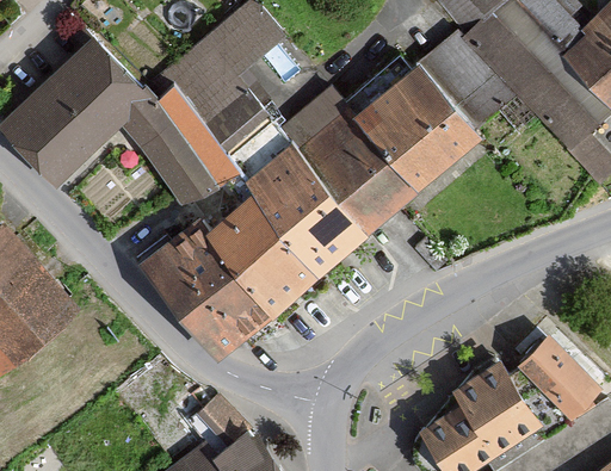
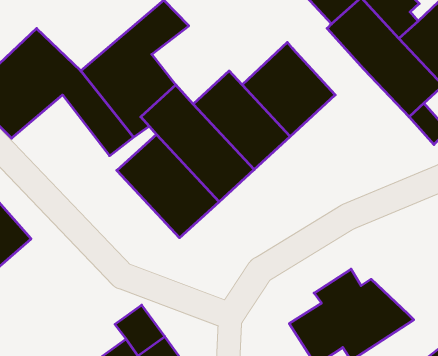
building: [420,33,512,126] -> none
building: [146,224,273,355] -> none
building: [516,331,597,410] -> none

